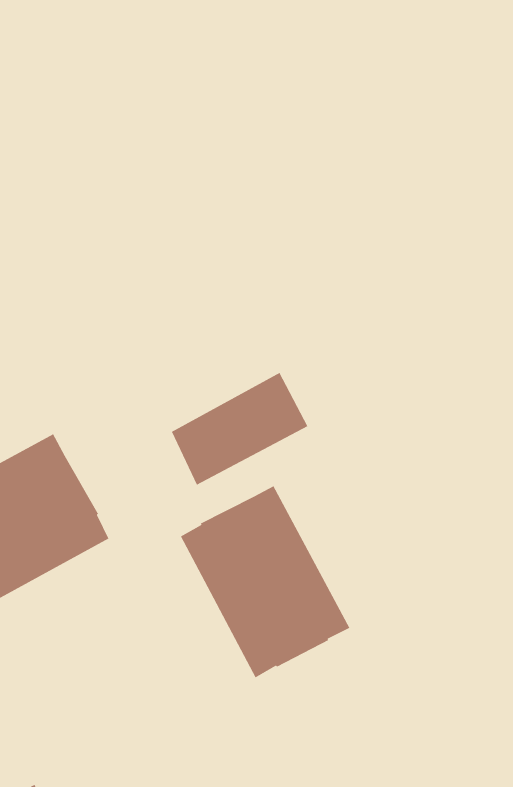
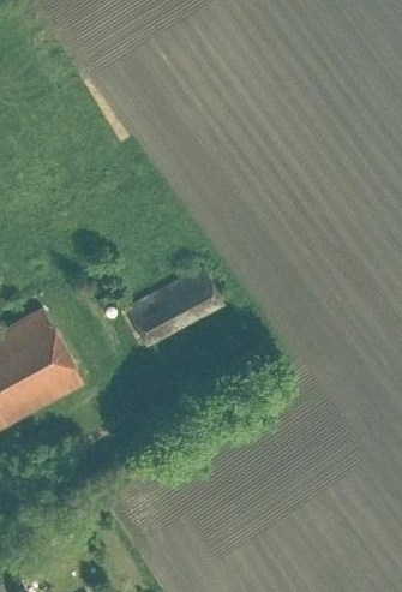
building: [180,485,350,678] -> none

